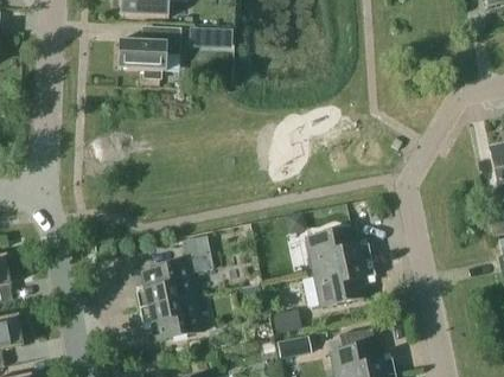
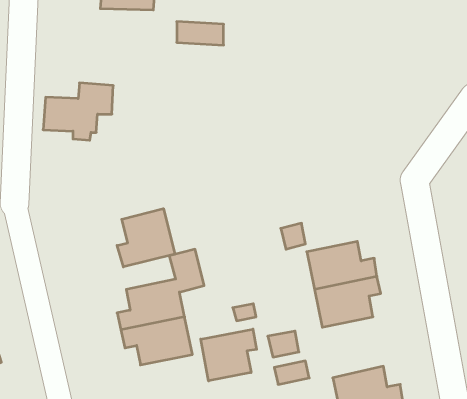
building: [116,25,180,77] -> [43,83,113,140]
building: none -> [117,209,175,267]
building: none -> [201,329,257,381]

